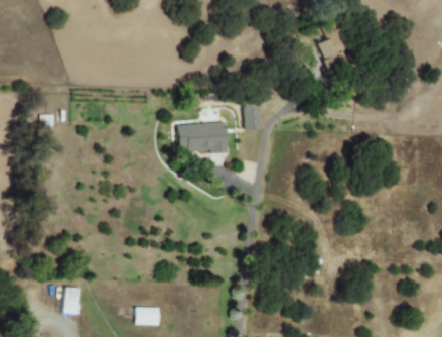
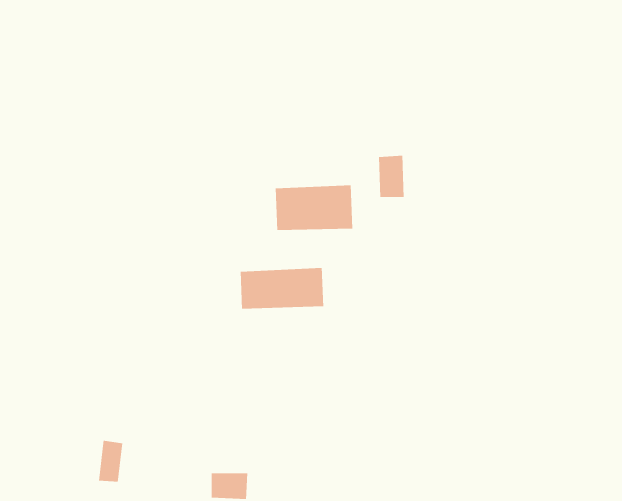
building: [320,20,353,66] -> none
building: none -> [240,267,324,309]

